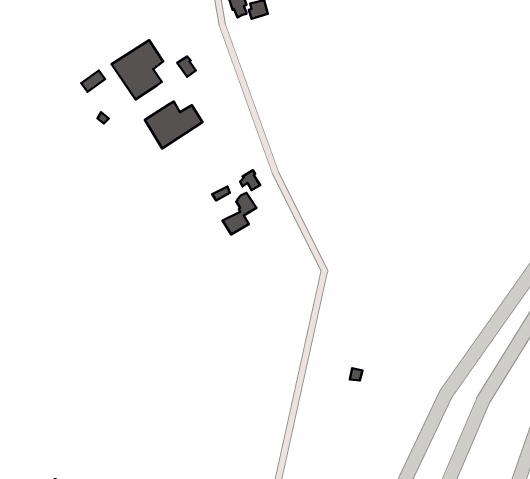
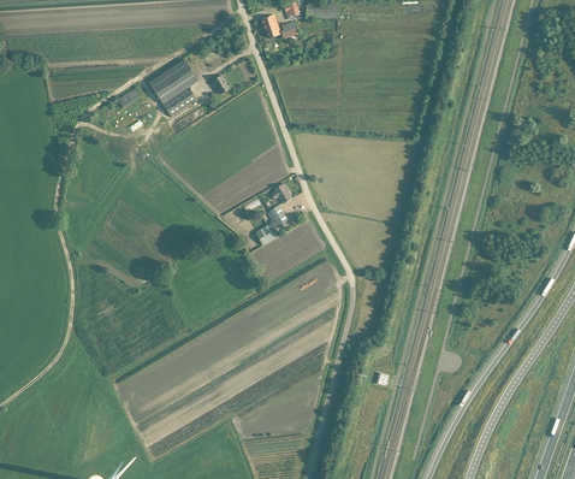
building: [145,102,203,149] -> none

